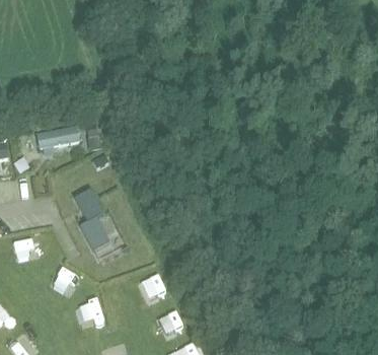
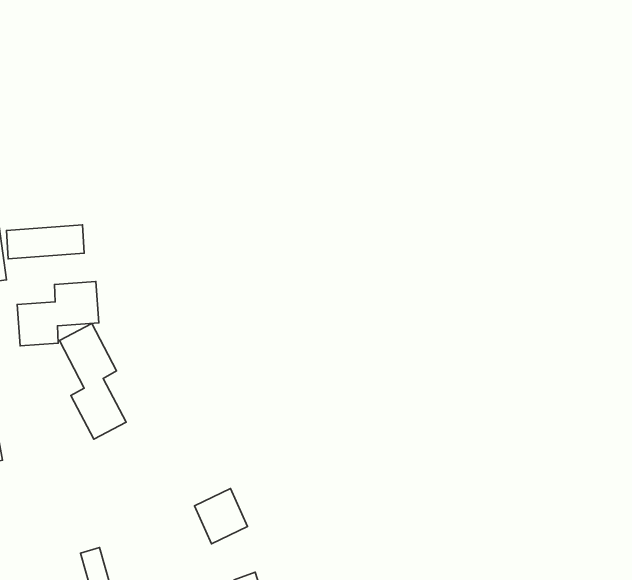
building: none -> [17,281,99,346]

